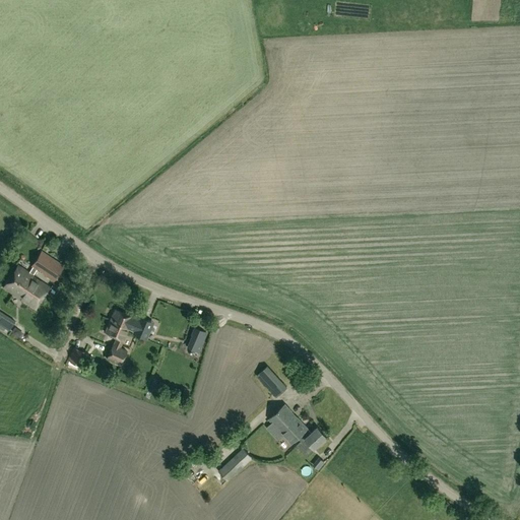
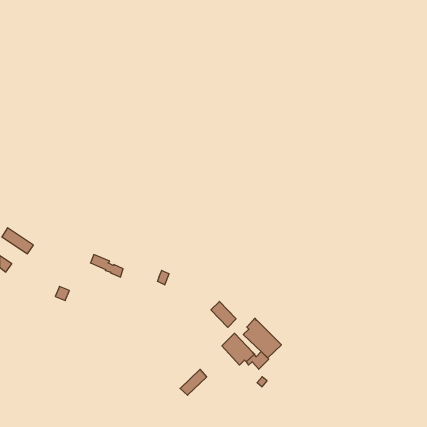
building: [9,252,63,299] -> none
building: [104,320,128,366] -> none
building: none -> [243,318,281,358]

